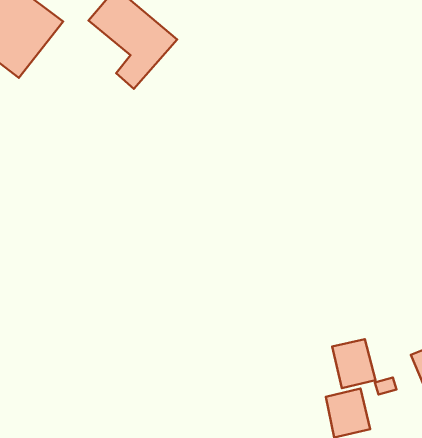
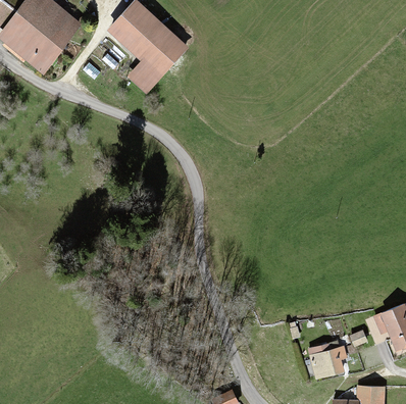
building: [332,339,376,388] -> none

